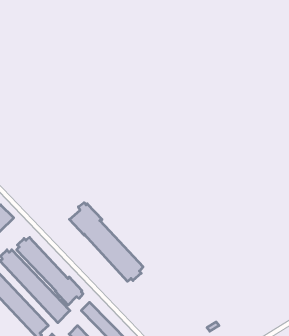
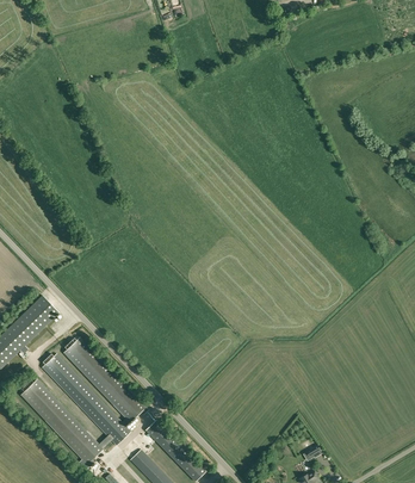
building: [69,203,143,281] -> none

